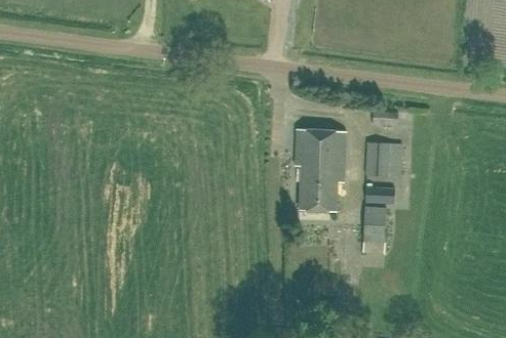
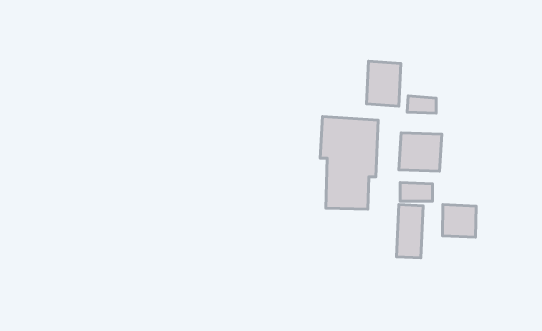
building: none -> [366,61,401,106]
building: none -> [442,205,476,237]

